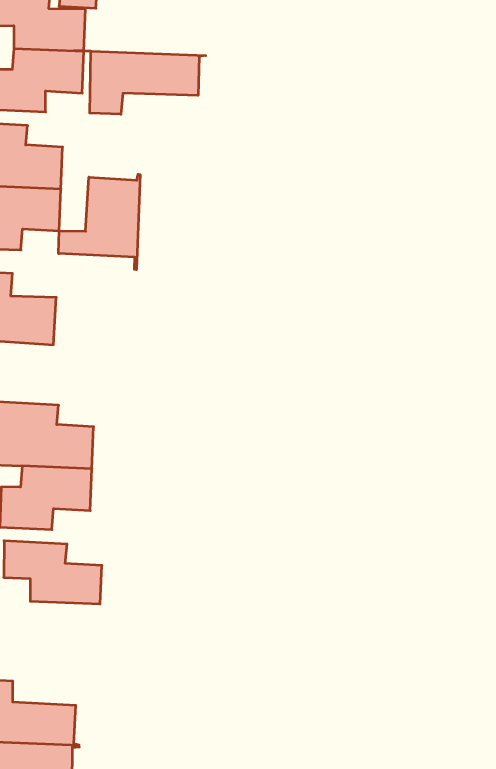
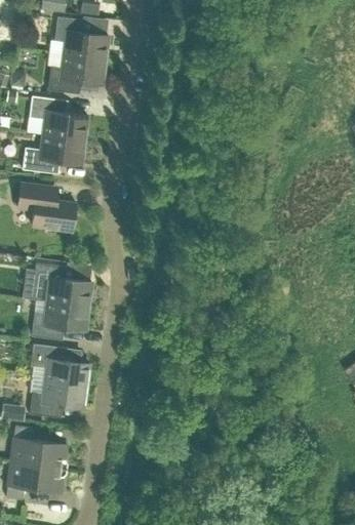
building: [74,51,206,114] -> none
building: [59,174,140,270] -> none
building: none -> [30,380,86,417]

